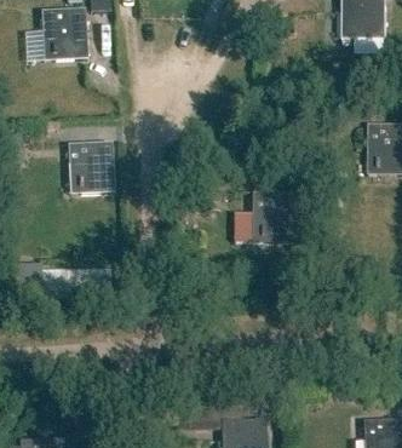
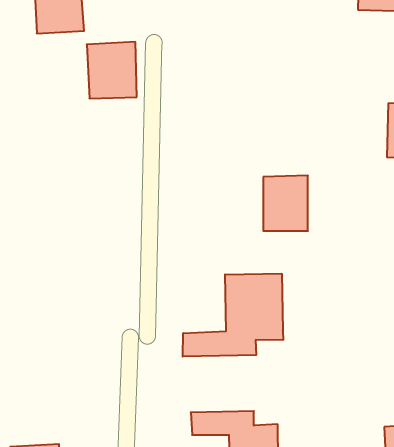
building: [68,139,114,191] -> [87,42,137,98]
building: none -> [183,274,283,357]

